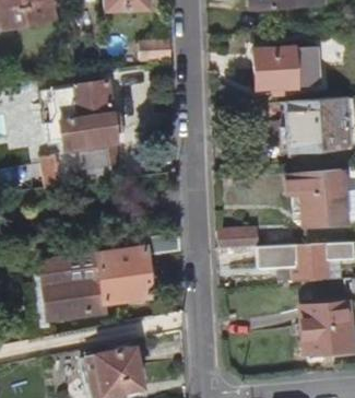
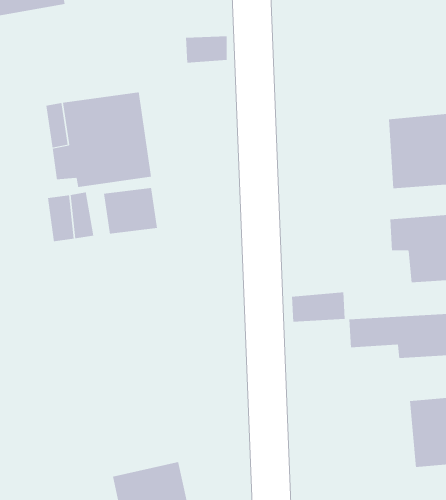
building: [252,44,313,89] -> none
building: [40,233,180,316] -> none

